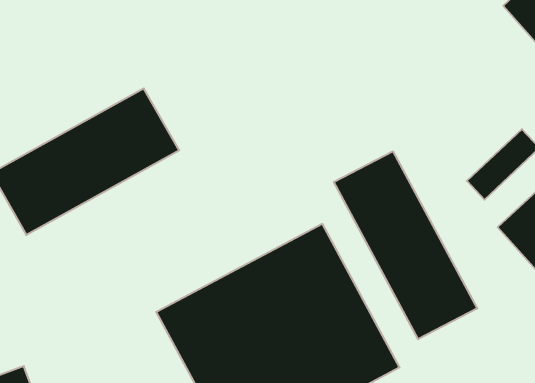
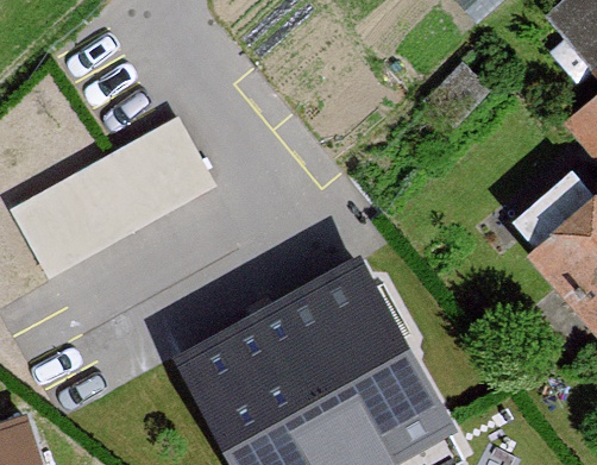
building: [334,151,477,339] -> none

